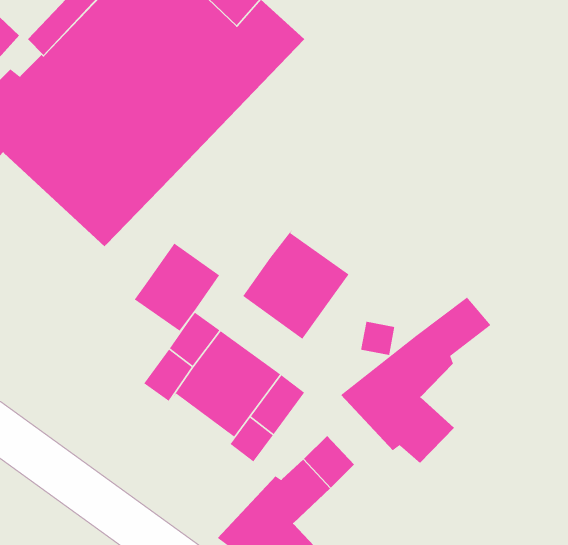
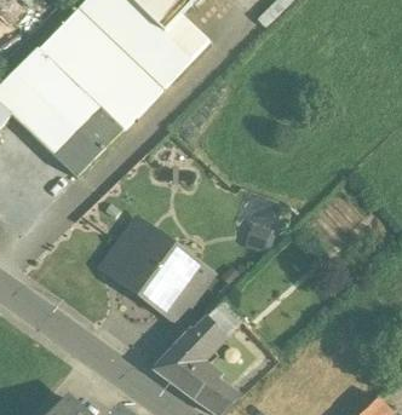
building: [242,223,355,340] -> none
building: [130,242,220,339] -> none
building: [340,297,491,464] -> none

